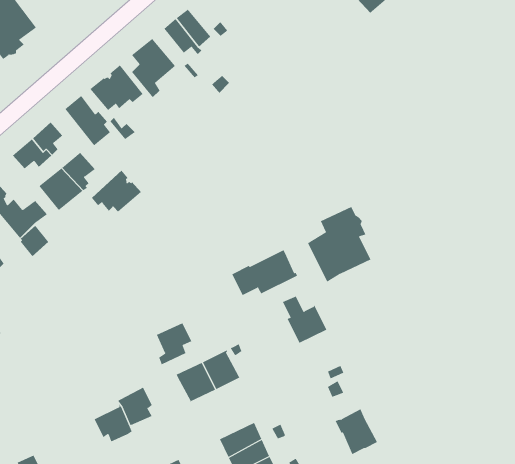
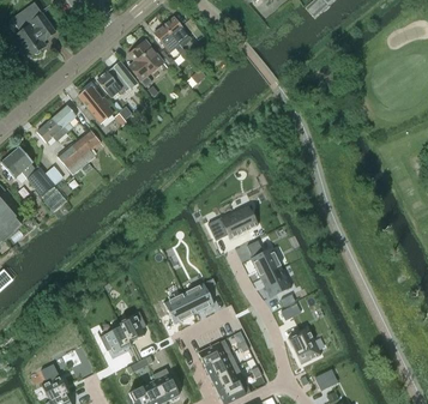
building: [91,170,142,213] -> none
building: [307,206,371,283] -> none
building: [156,322,192,365] -> none
building: none -> [259,266,291,297]

